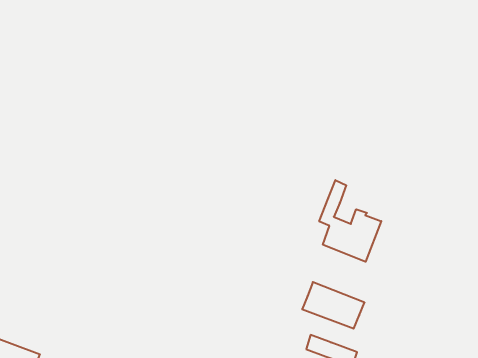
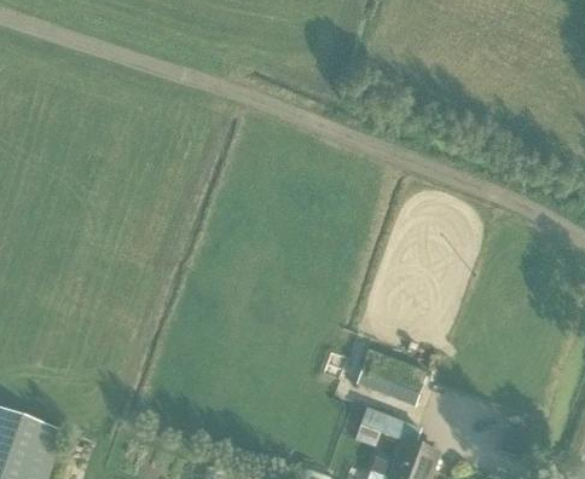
building: [319,180,381,262] -> none

